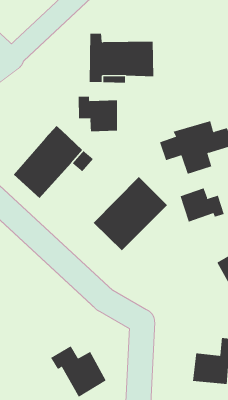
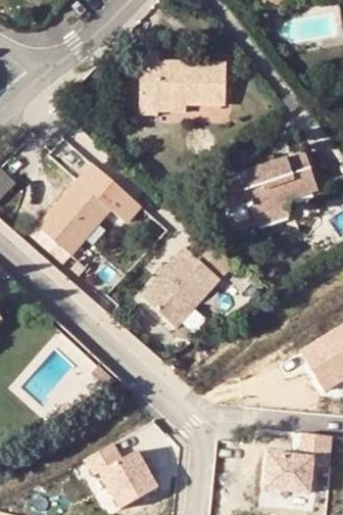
building: [78,96,118,132] -> none
building: [180,187,225,223] -> none

